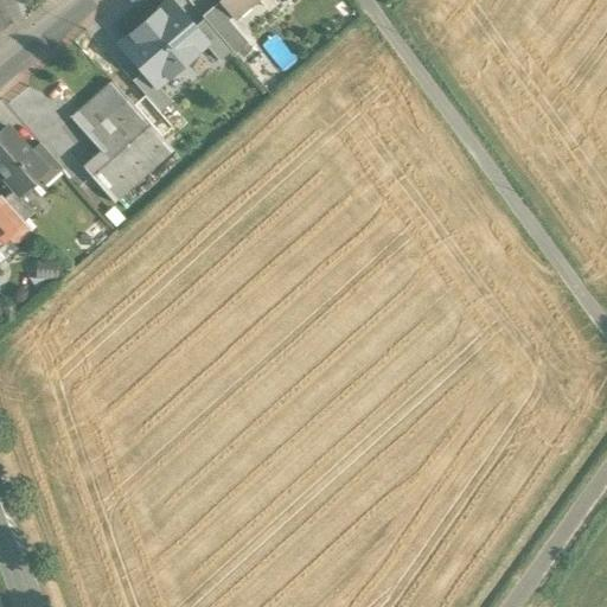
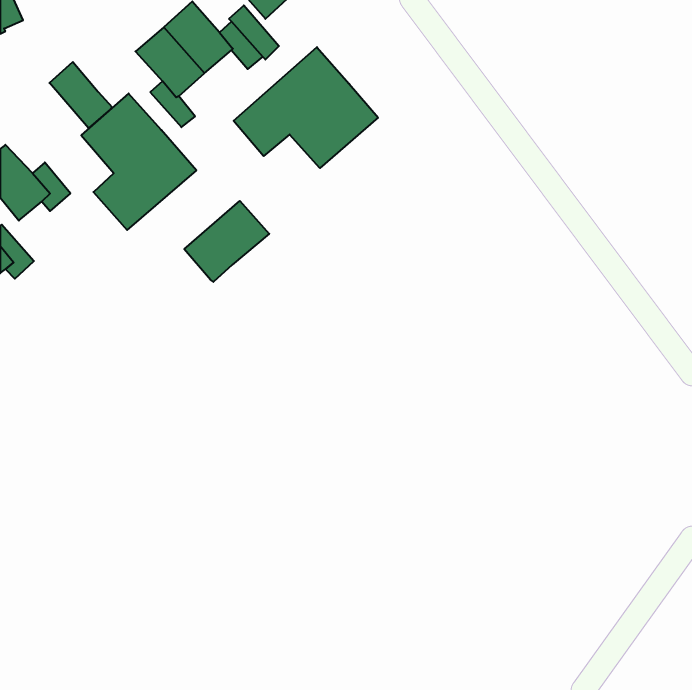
building: none -> [234,47,378,168]
building: none -> [49,62,112,128]
building: none -> [184,201,269,282]

